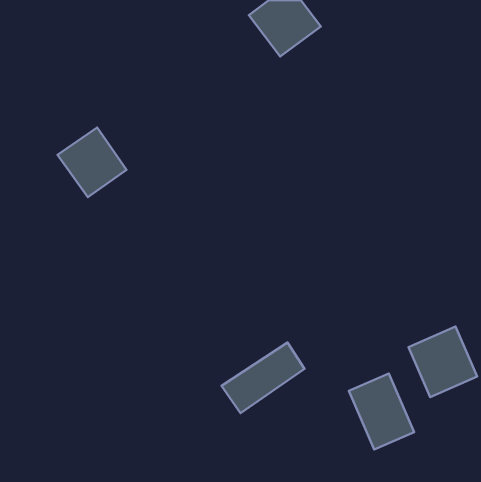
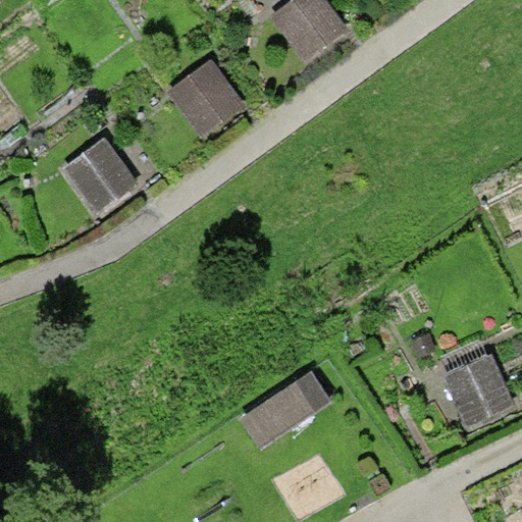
building: none -> [167,60,246,139]
building: [349,374,414,450] -> none

